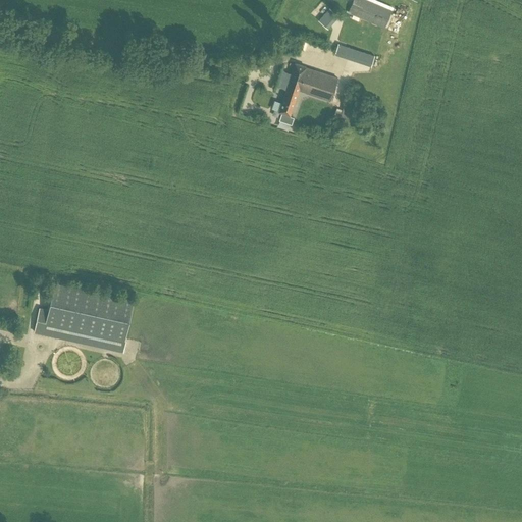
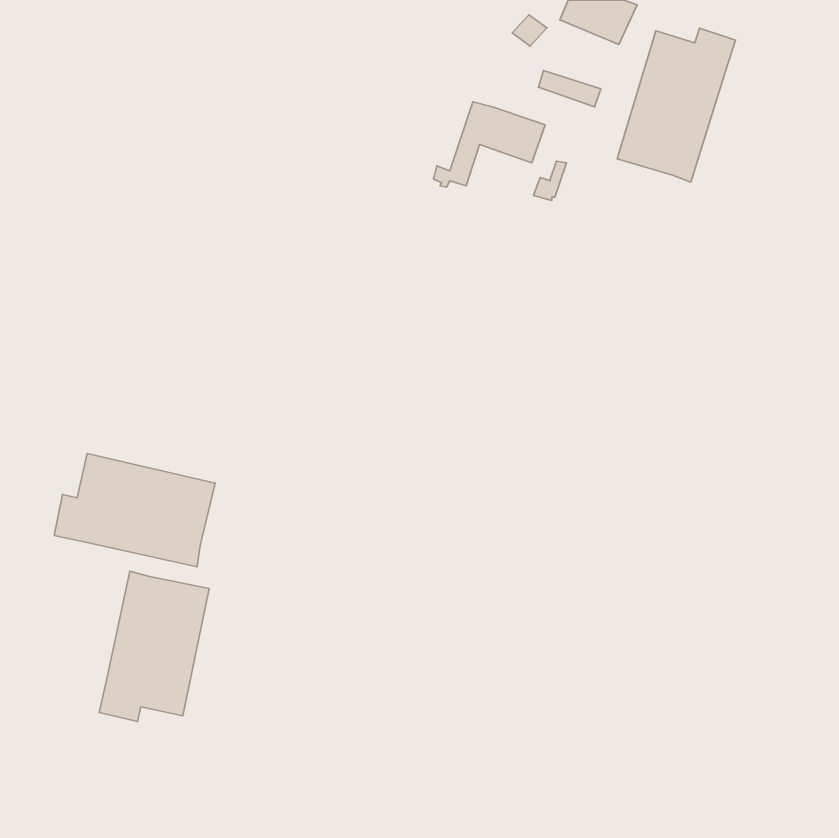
building: none -> [617,28,735,182]
building: none -> [99,571,209,722]

